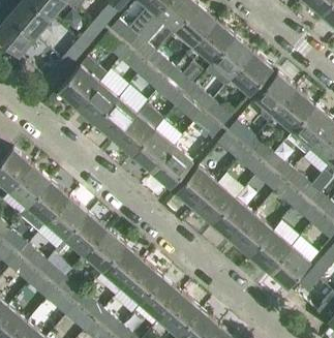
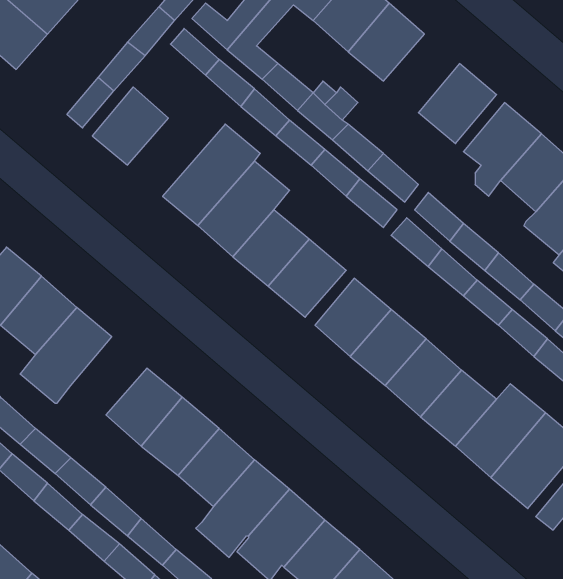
building: [207,37,253,86] -> none
building: [78,68,129,123] -> none
building: [40,197,88,248] -> none

